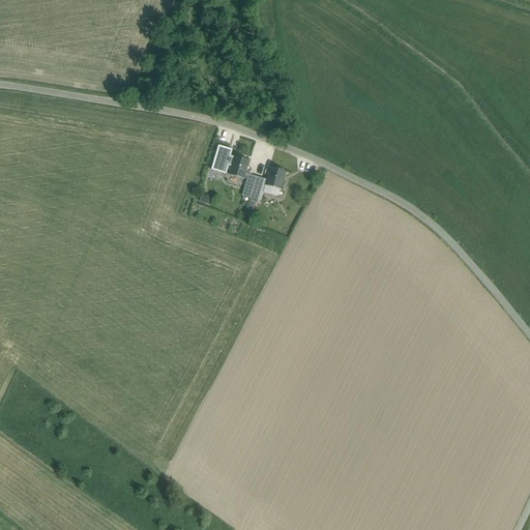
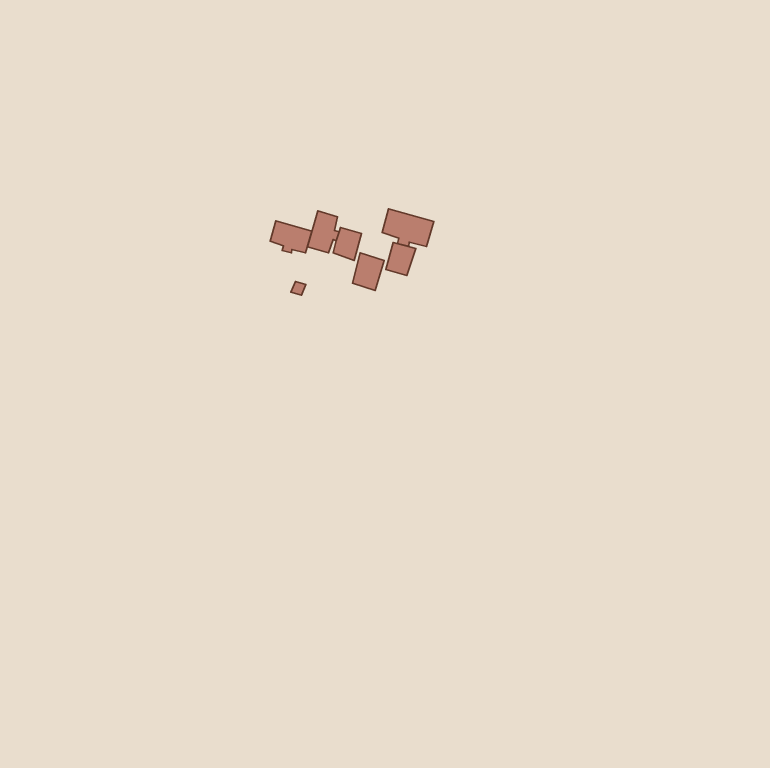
building: none -> [382,209,434,246]
building: none -> [270,221,312,253]

